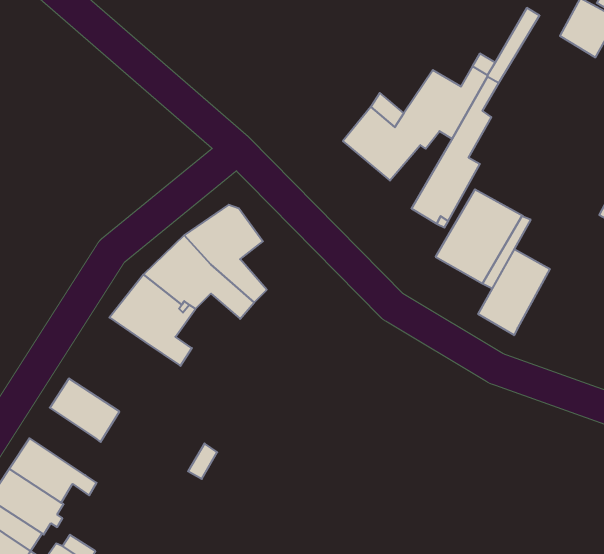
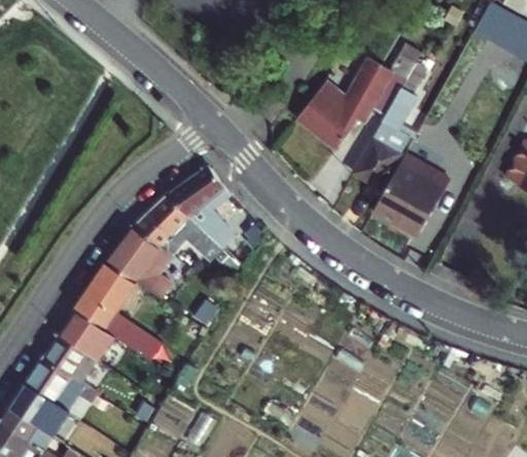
building: [478,249,550,335] -> none
building: none -> [74,260,159,358]
building: none -> [42,333,96,388]

